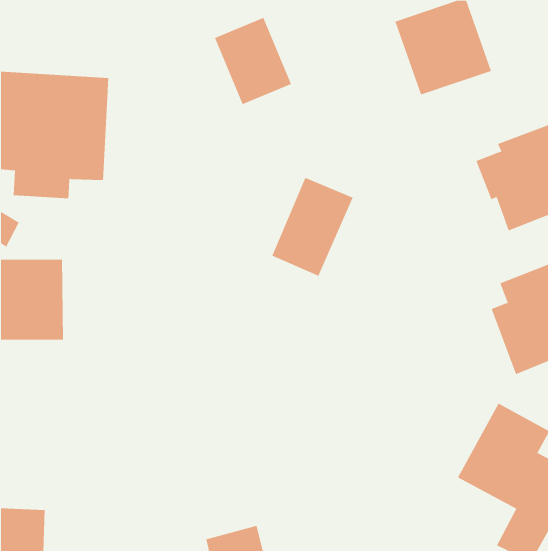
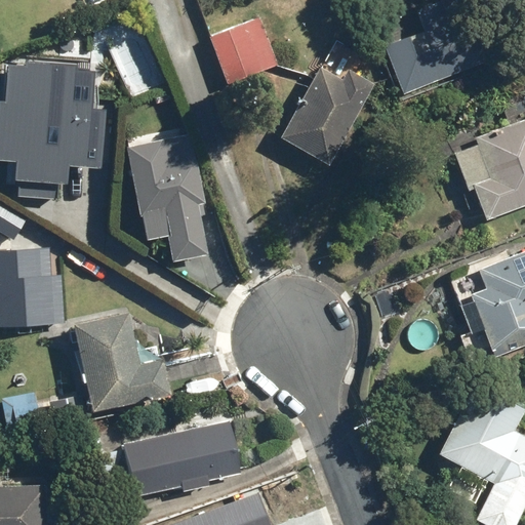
building: none -> [125,136,205,256]
building: [271,177,354,276] -> [287,73,365,167]
building: none -> [69,324,162,410]
building: none -> [117,419,243,494]

